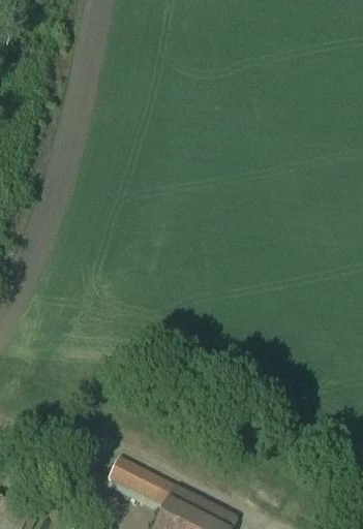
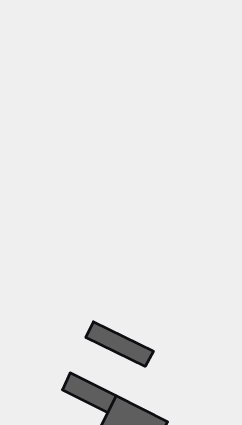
building: none -> [86,322,153,366]

